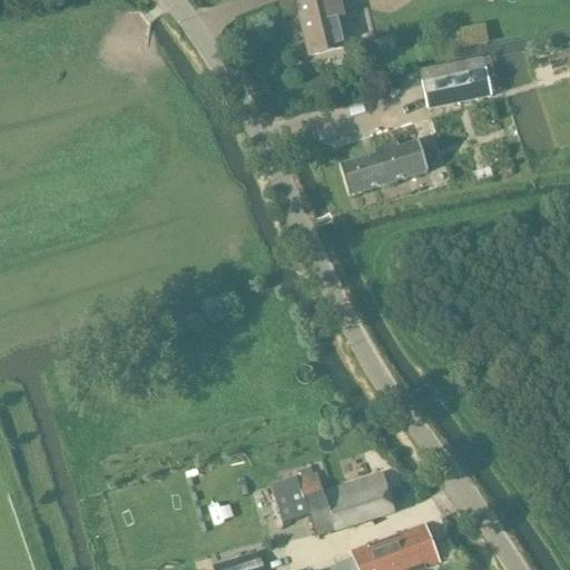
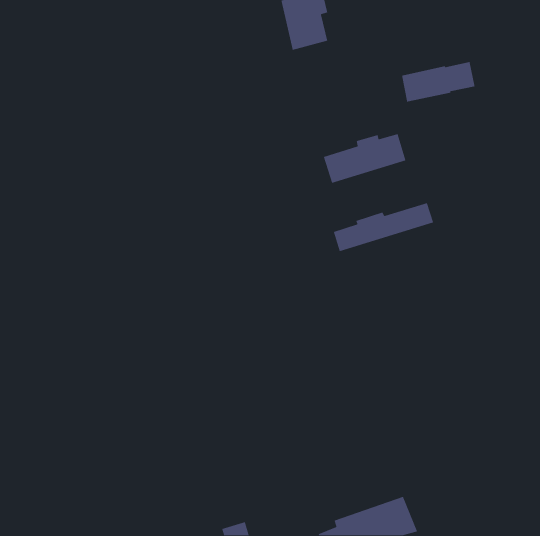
building: none -> [333,202,434,252]
building: [272,470,394,533] -> none

